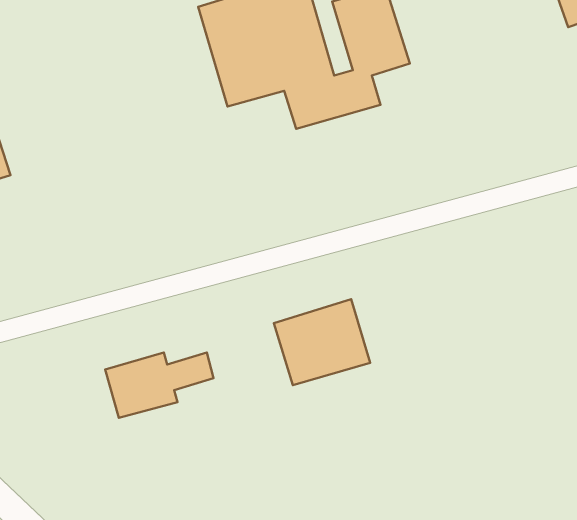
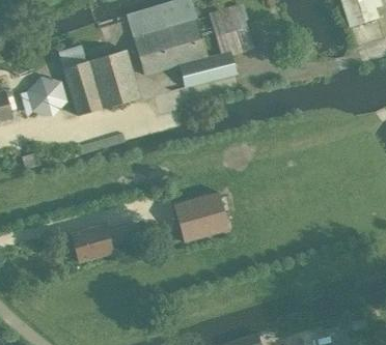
building: none -> [59,44,141,116]
building: none -> [26,76,67,117]

